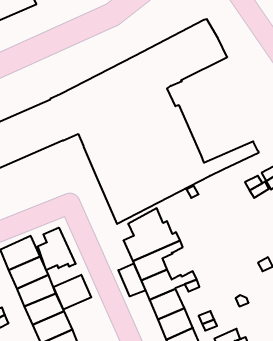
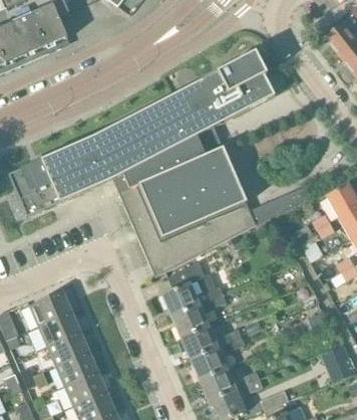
building: [38,228,76,270] -> none
building: [118,264,145,296] -> none
building: [54,275,91,310] -> none

